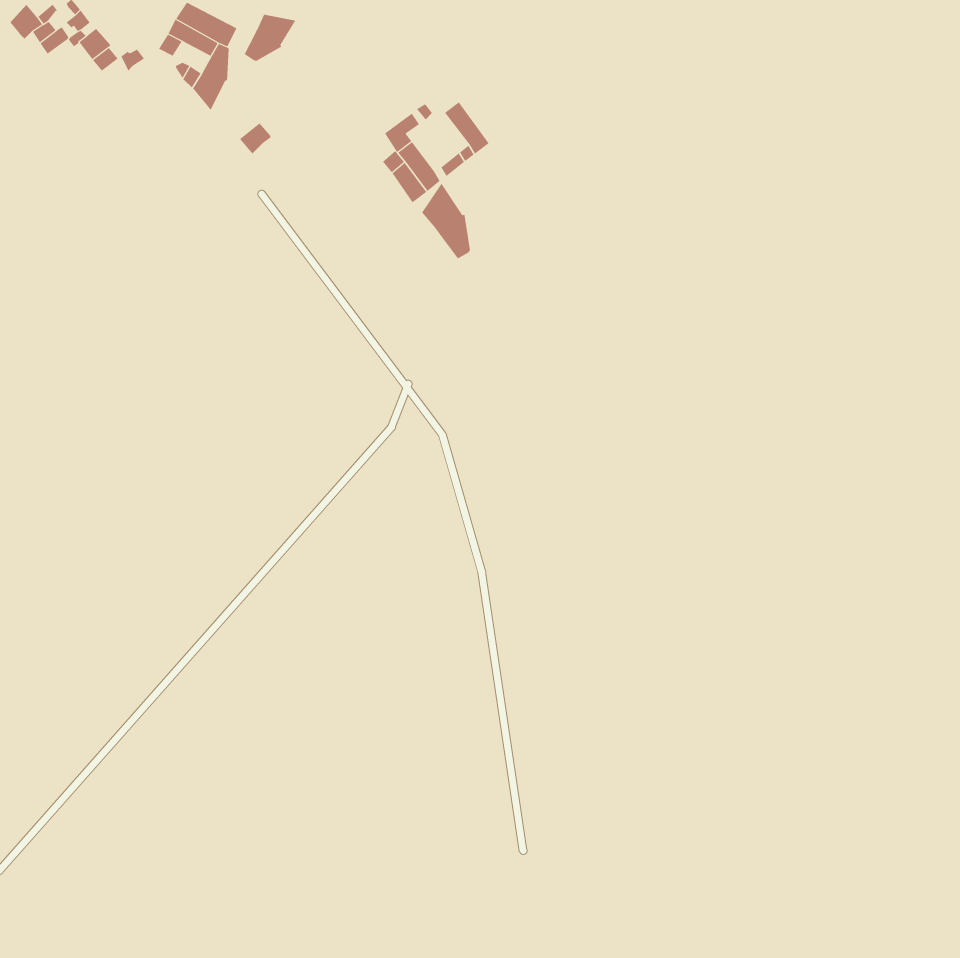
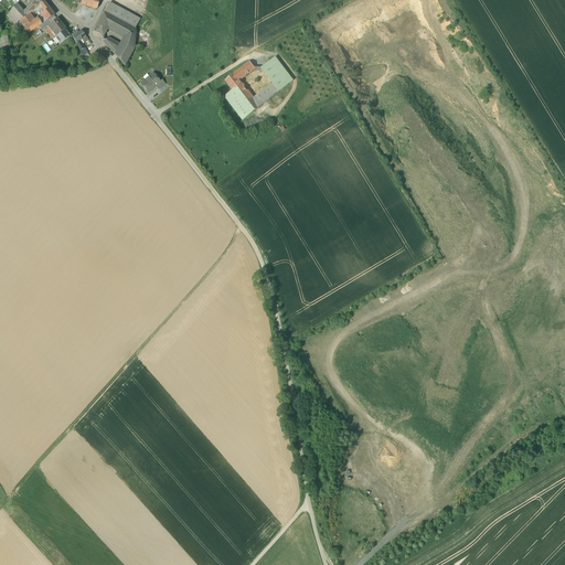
building: [244,14,296,62] -> none
building: [422,183,471,259] -> none

